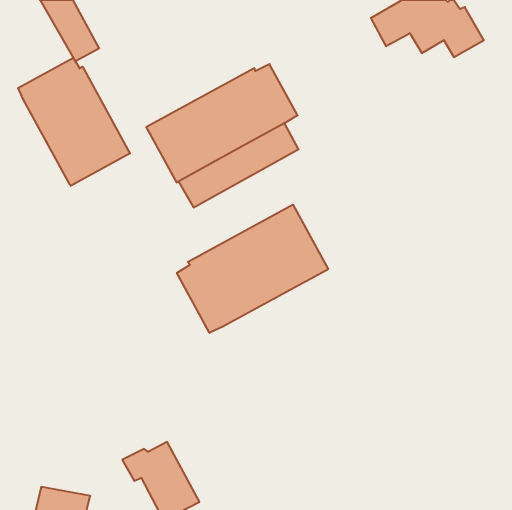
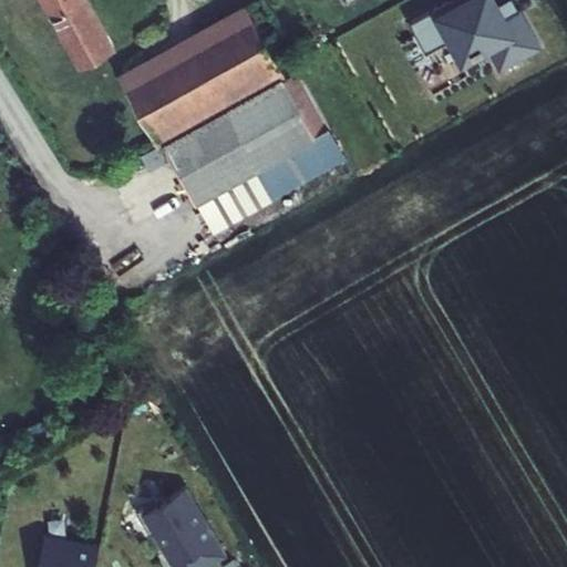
building: none -> [123,10,281,144]
building: [18,58,130,186] -> none
building: [177,205,328,333] -> none

